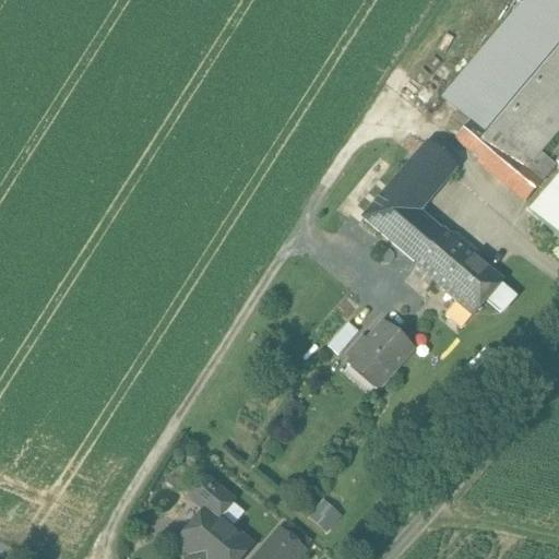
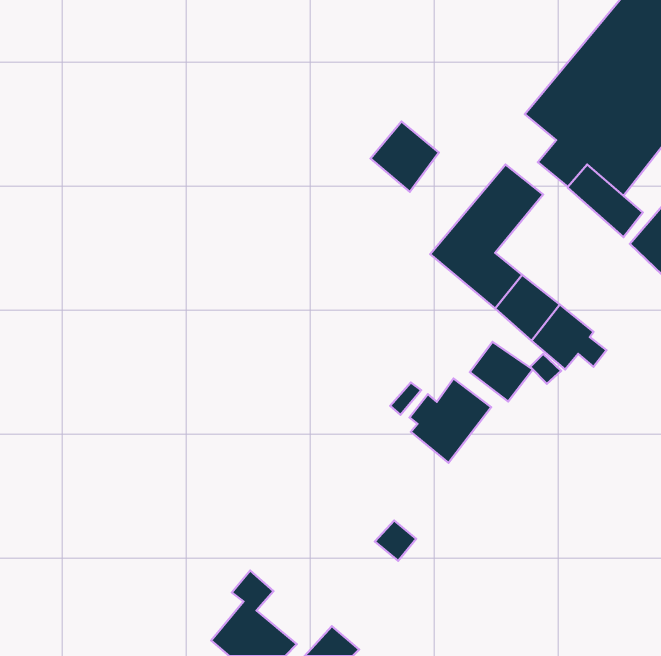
building: none -> [370,122,439,192]
building: none -> [470,342,533,401]
building: [308,495,343,528] -> [375,521,416,561]

